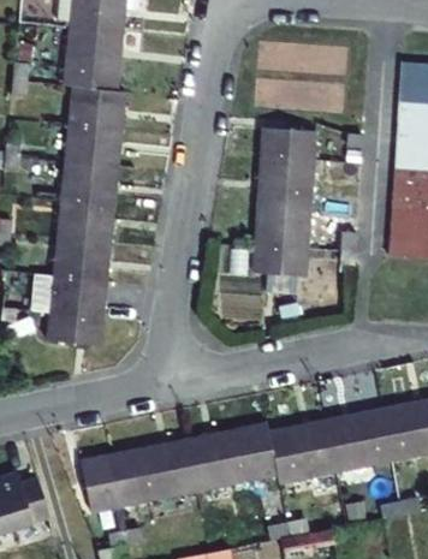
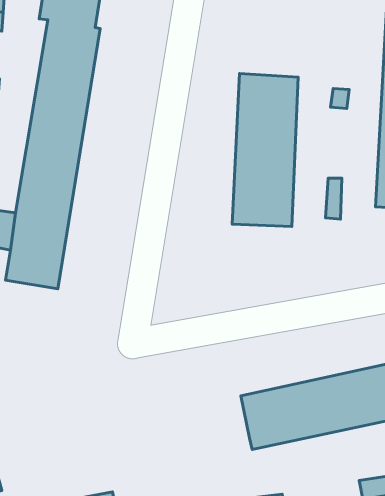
building: [75,427,269,516] -> none

